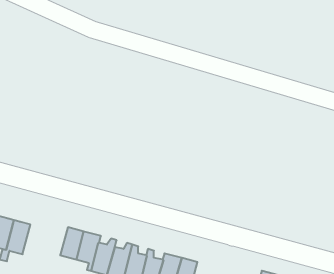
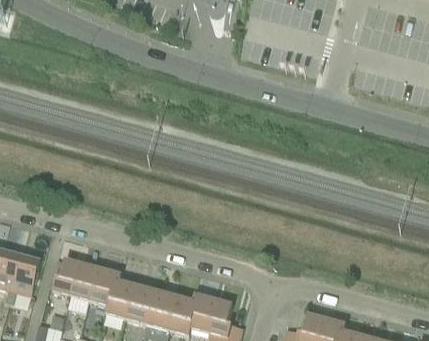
building: none -> [52,258,83,295]

